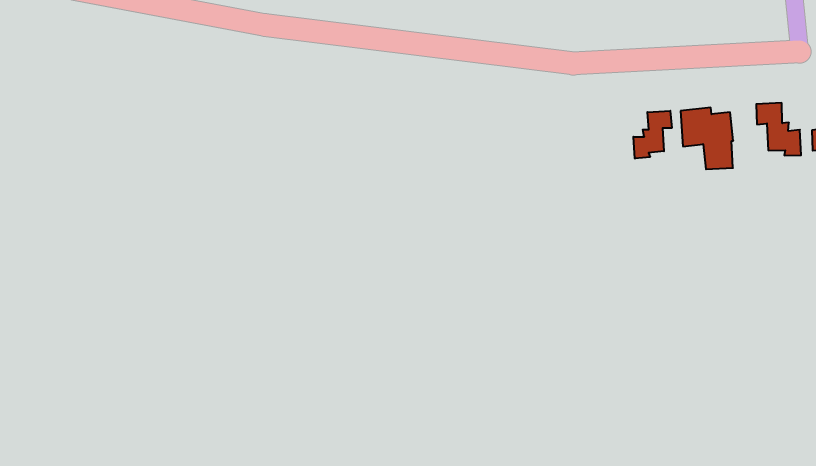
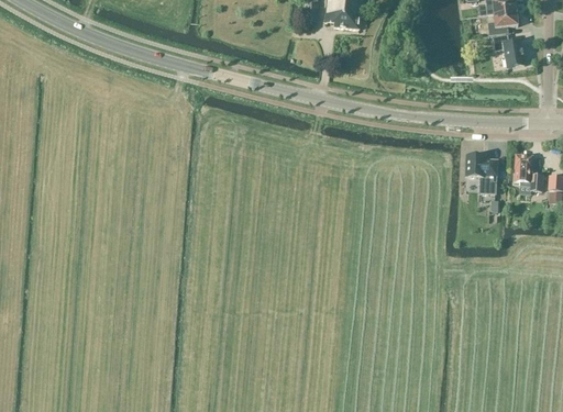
building: [633,111,672,159] -> none

